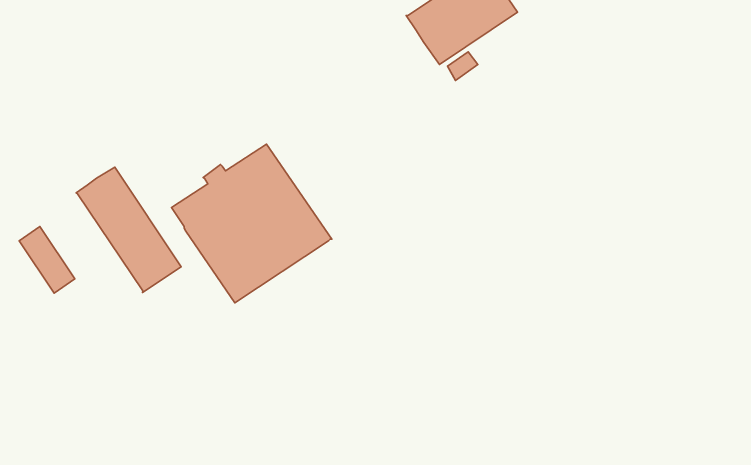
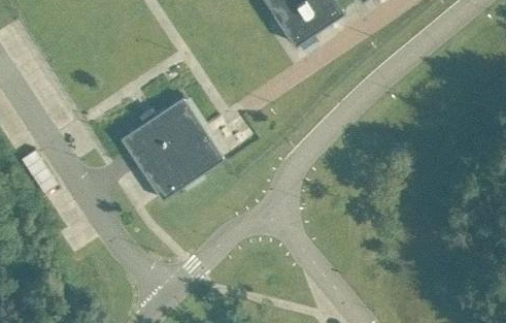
building: [76,167,181,292] -> none

